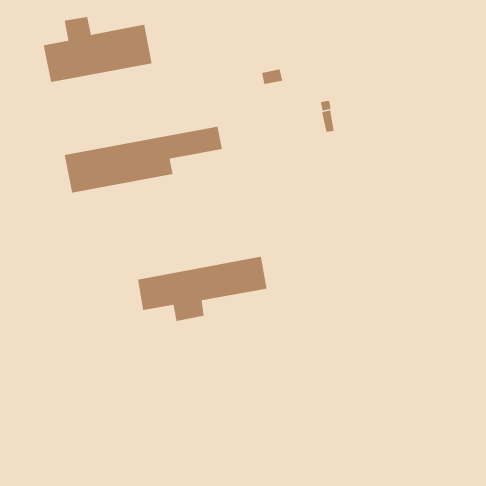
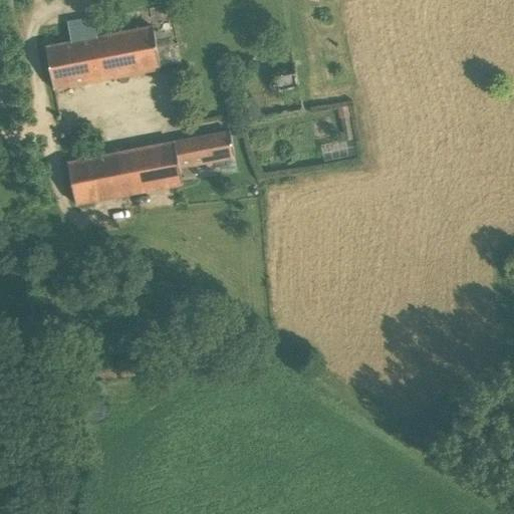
building: [137,256,268,322] -> none

